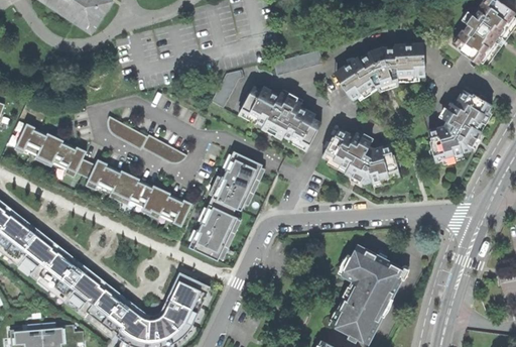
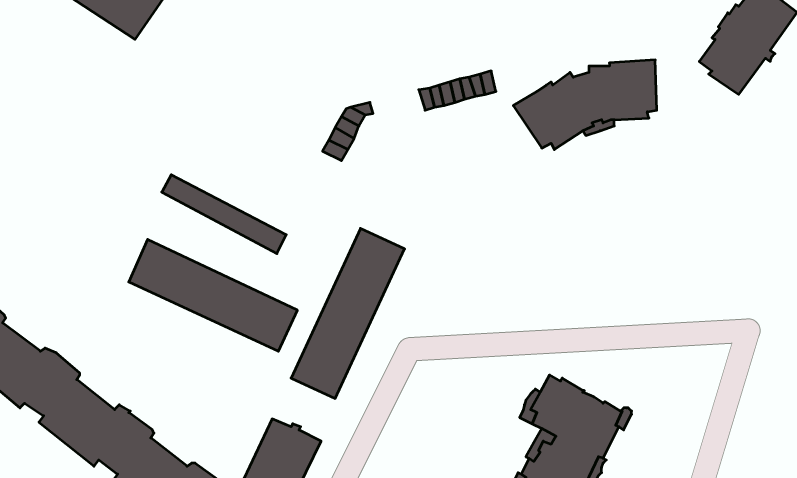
building: [238,87,320,151] -> none
building: [427,90,491,163] -> none
building: [18,124,89,174] -> none
building: [320,128,398,187] -> none

